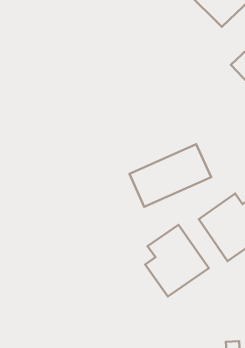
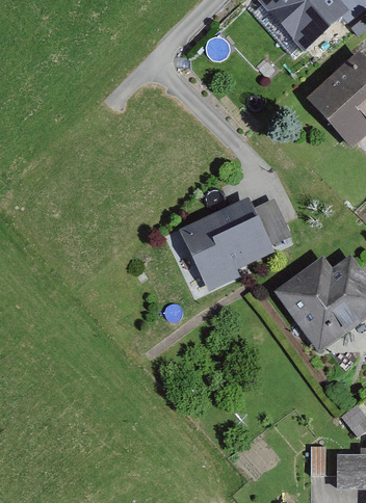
building: [145,225,209,297] -> none

